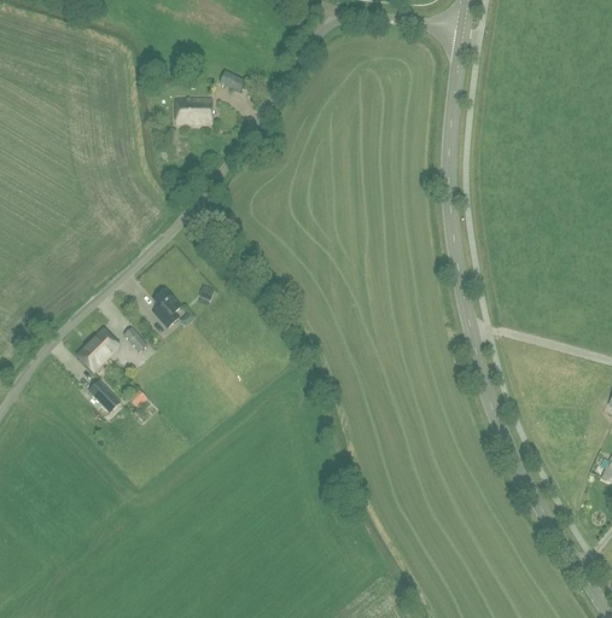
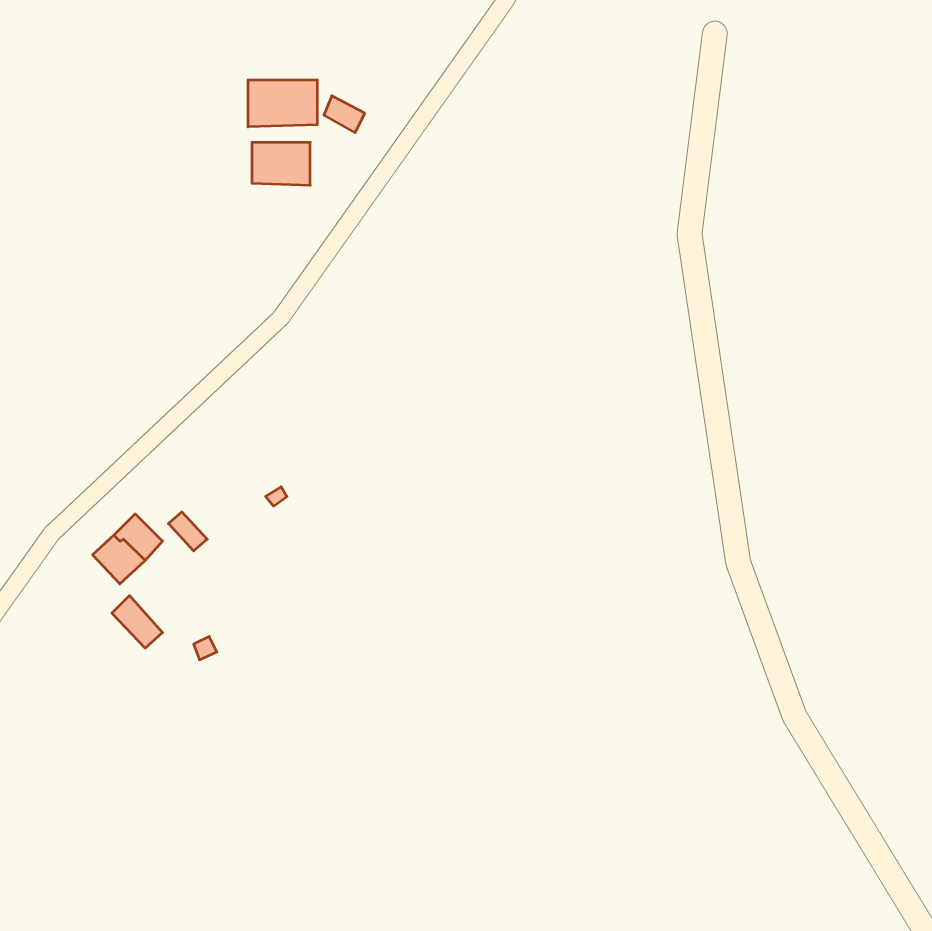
building: none -> [248,80,317,127]
building: [152,286,181,327] -> none

